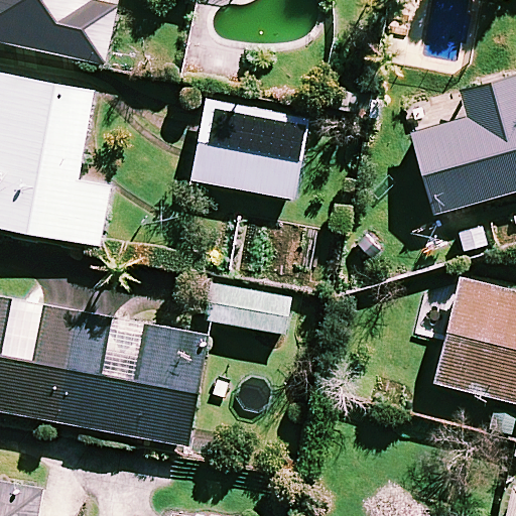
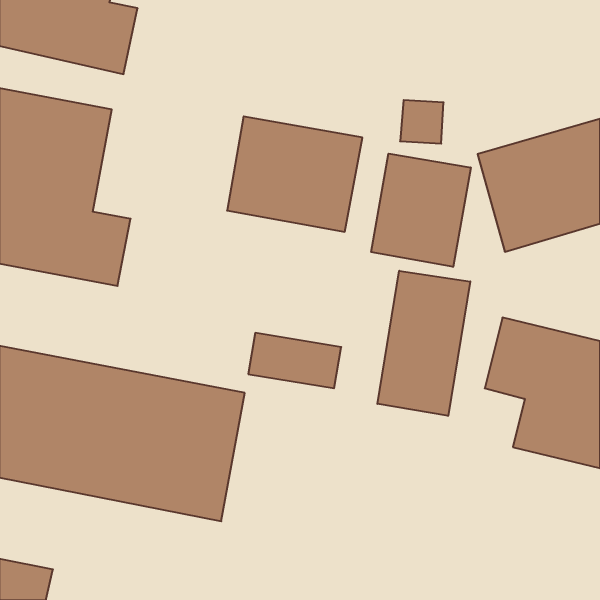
building: none -> [371,154,471,267]
building: none -> [377,271,470,416]

